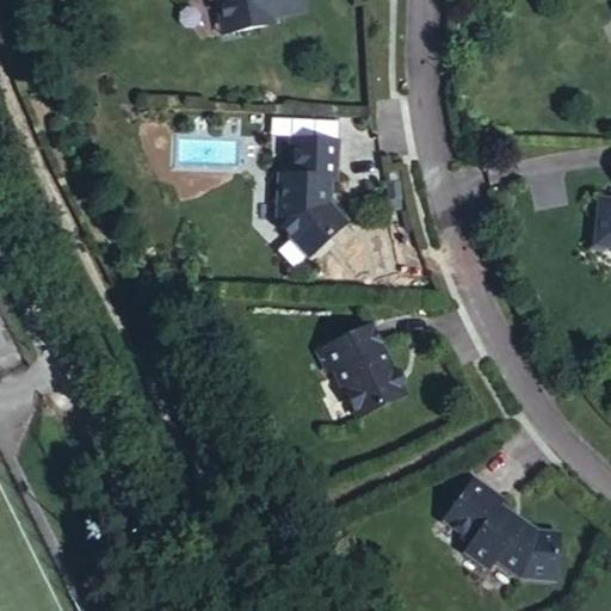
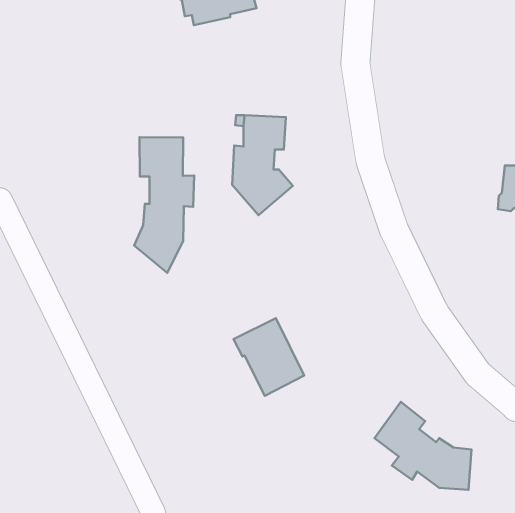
building: none -> [134,137,194,273]
building: [321,323,405,415] -> [234,318,304,396]

